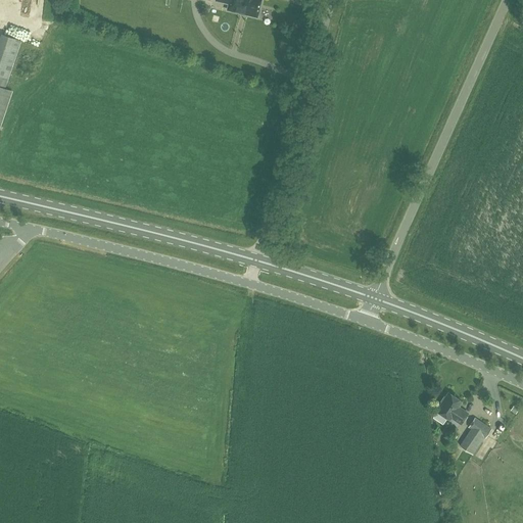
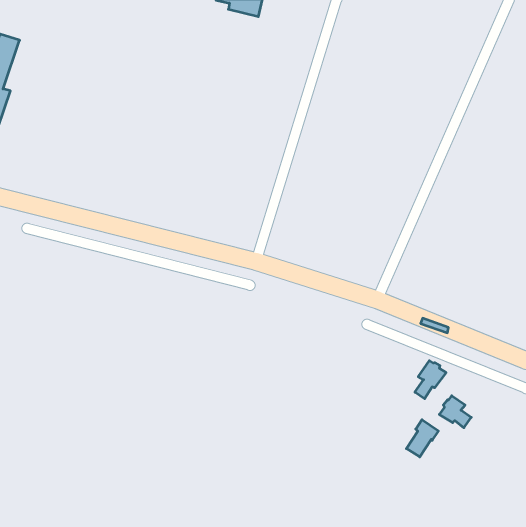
building: none -> [415,361,446,399]
building: [458,417,489,454] -> [406,420,438,457]

